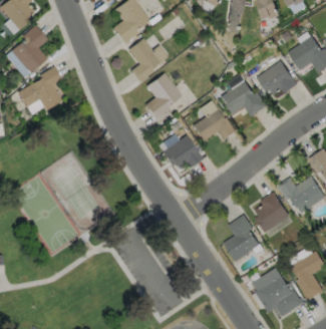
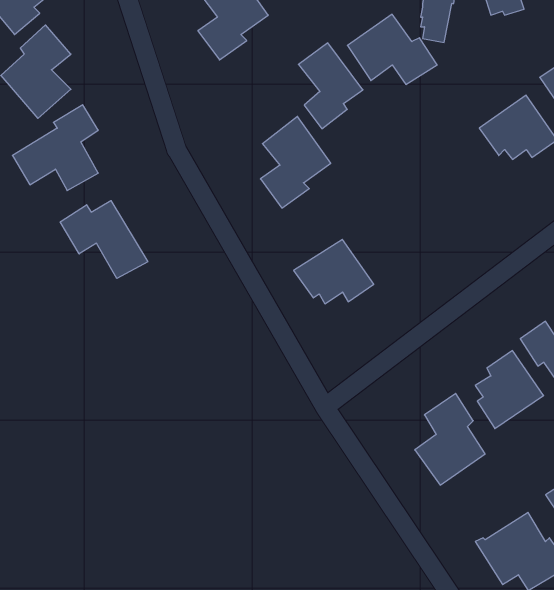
building: [127,38,160,82] -> [298,43,363,129]
building: [221,80,267,116] -> [347,14,437,84]
building: [193,109,236,141] -> none
building: none -> [60,201,148,278]

